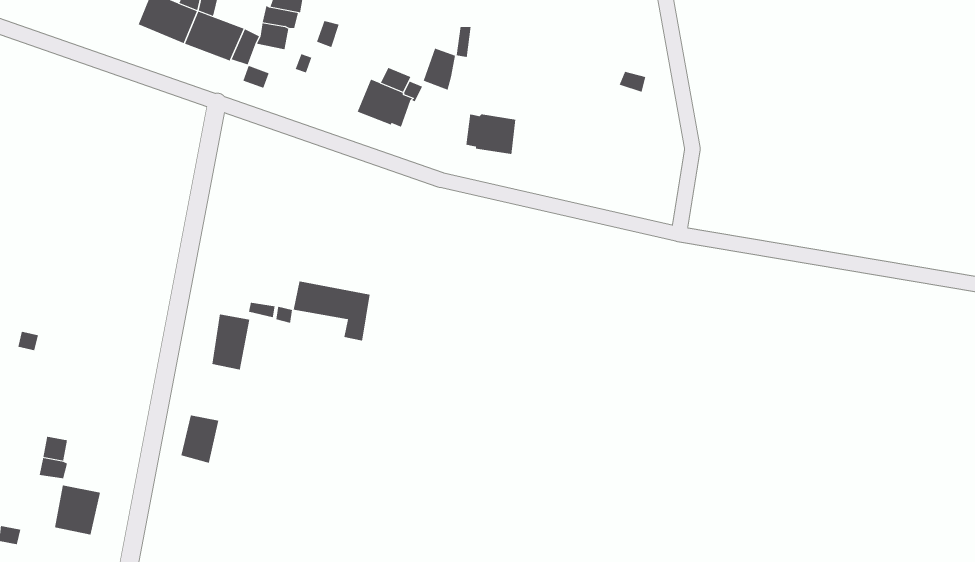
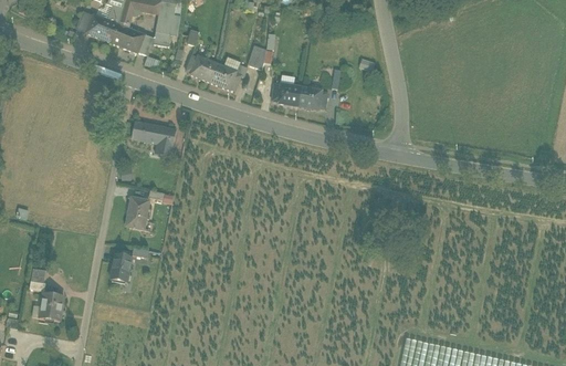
building: none -> [185,53,217,81]
building: none -> [297,85,326,108]
building: [293,281,371,341] -> [130,122,175,156]

